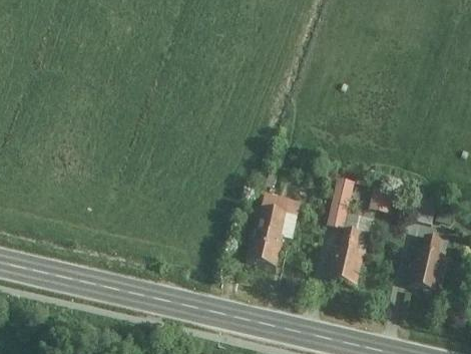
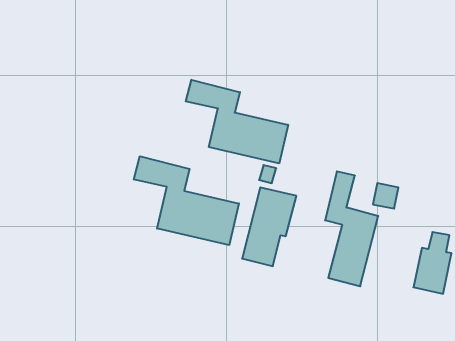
building: none -> [186,80,288,163]
building: none -> [134,156,239,245]

